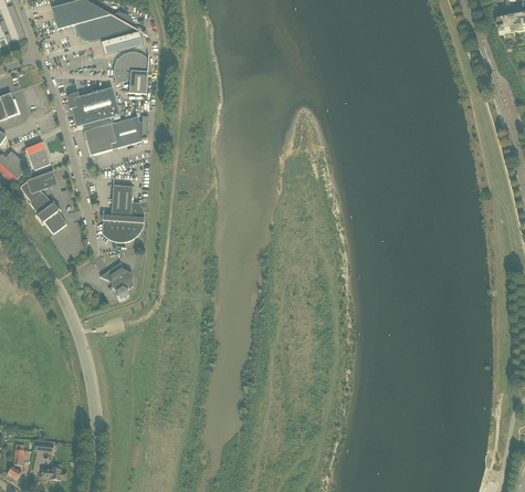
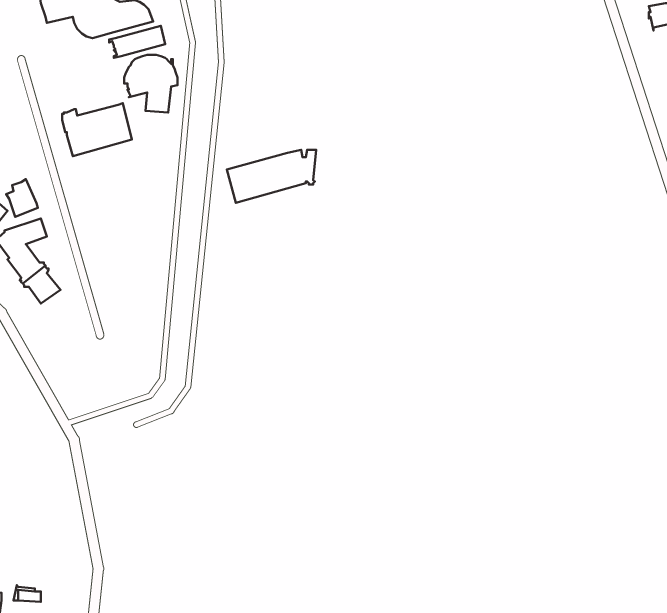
building: [83,116,148,155] -> [227,150,316,203]
building: [101,185,144,242] -> none
building: [99,262,133,299] -> none

